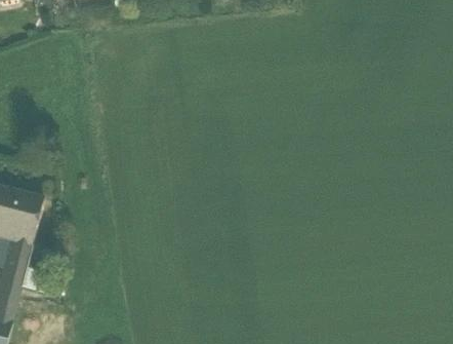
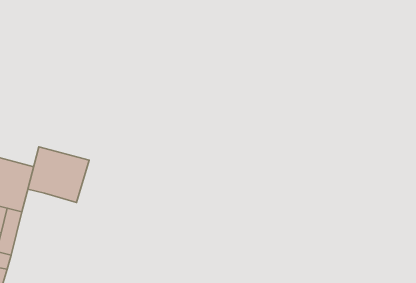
building: none -> [28,147,89,202]

